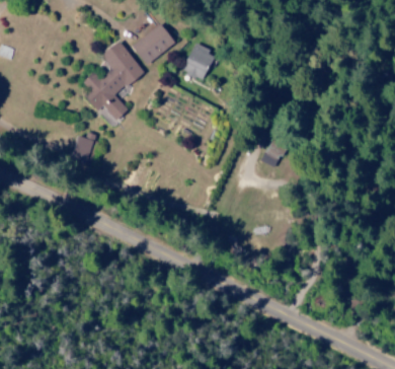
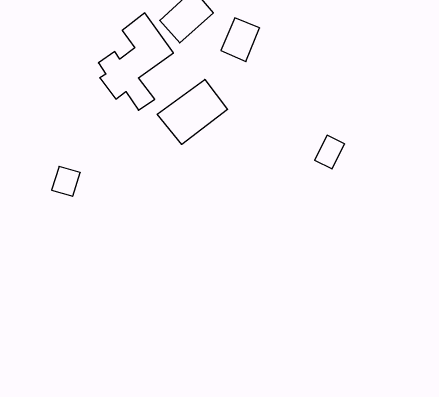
building: none -> [157,79,228,144]
building: [73,135,96,159] -> [52,166,80,196]

